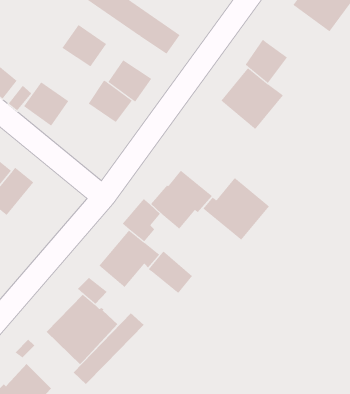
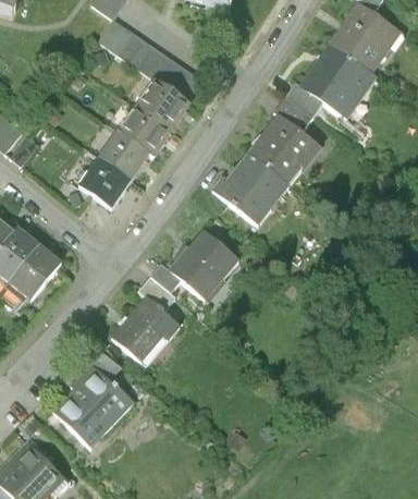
building: none -> [298,46,373,120]
building: [61,24,107,67] -> [138,81,189,129]
building: [23,82,69,127] -> [79,156,131,206]
building: [202,177,270,241] -> [211,153,286,223]
building: none -> [9,244,61,300]
building: [148,250,193,294] -> none
building: [73,313,145,385] -> none

